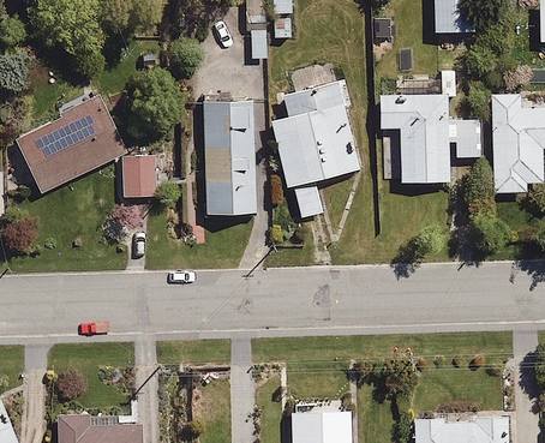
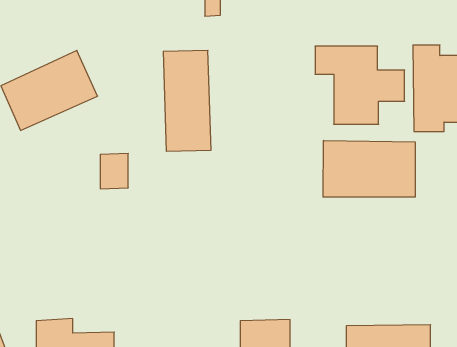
building: [270,80,361,215] -> none
building: [124,155,156,196] -> [100,153,128,189]
building: none -> [323,140,415,197]

